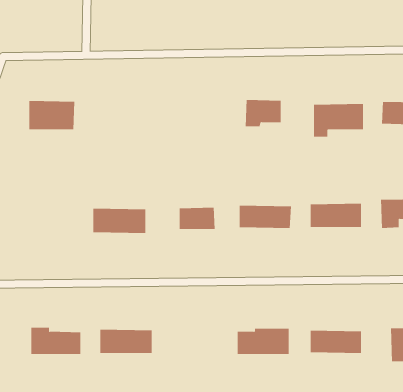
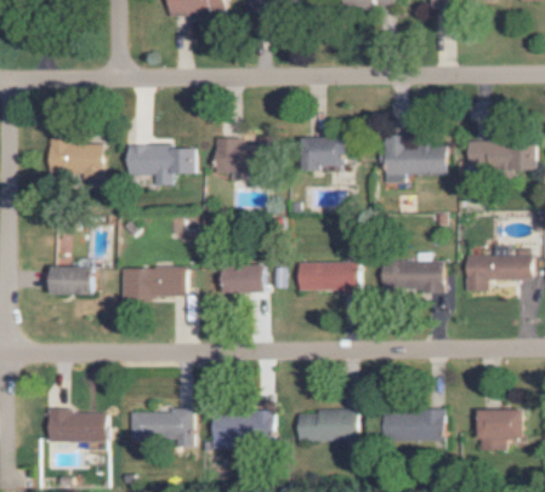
building: none -> [214,133,272,172]
building: none -> [124,143,195,185]
building: none -> [52,267,96,294]
building: none -> [211,414,273,447]

